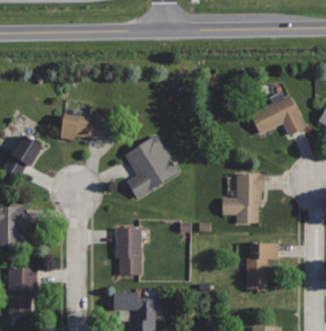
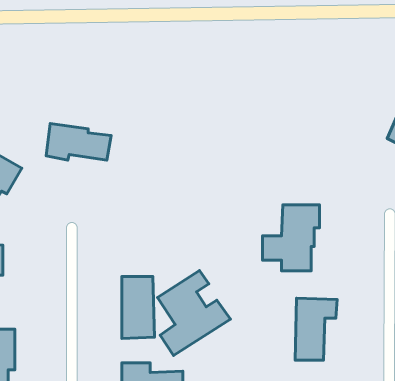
building: [250,94,307,136] -> none
building: [125,134,179,197] -> [157,270,230,356]

